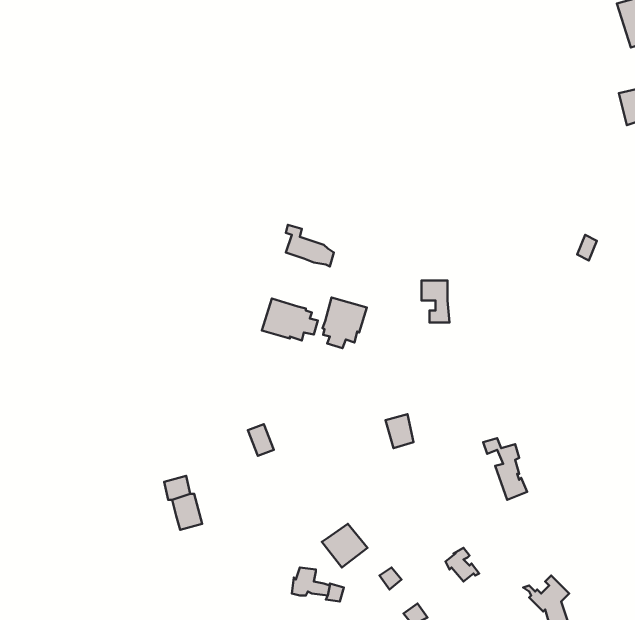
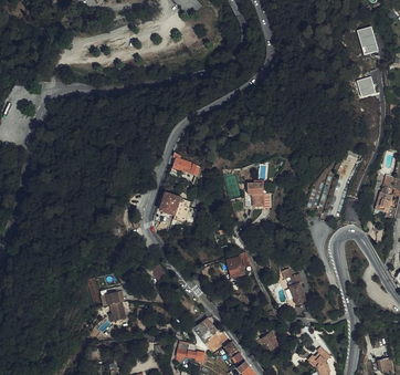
building: [323,298,367,348] -> none

